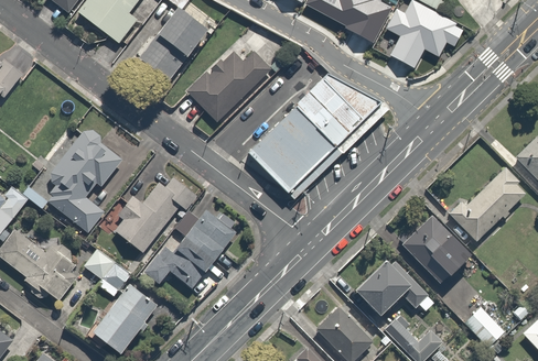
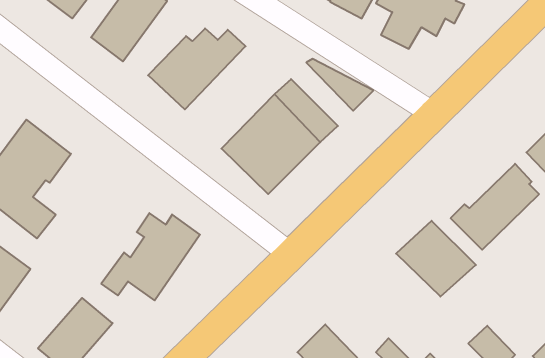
building: [311,80,365,135] -> none
building: [115,175,197,252] -> none
building: [84,250,130,295] -> none
building: [356,261,429,316] -> none

